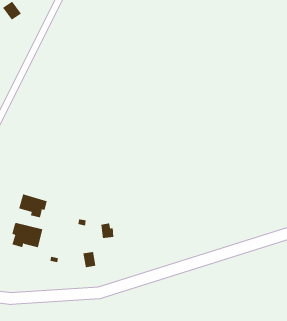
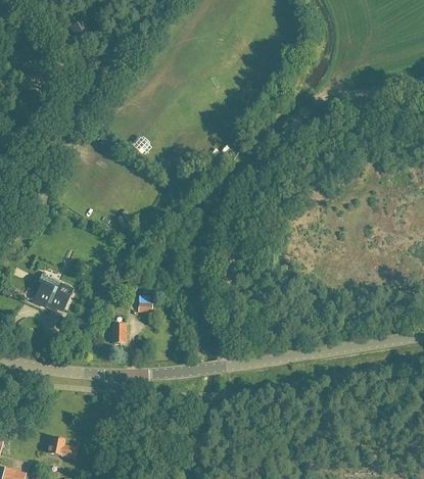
building: [19,193,48,218] -> none

